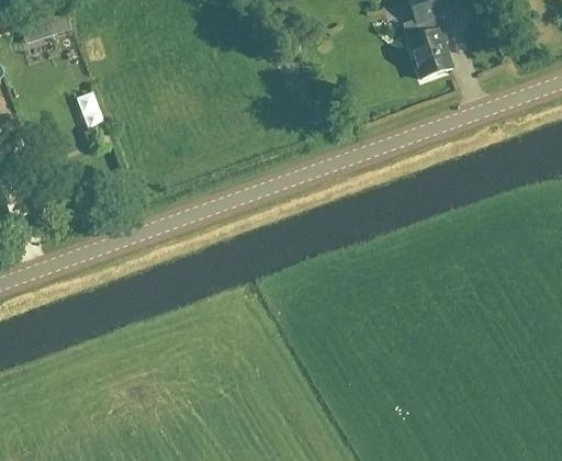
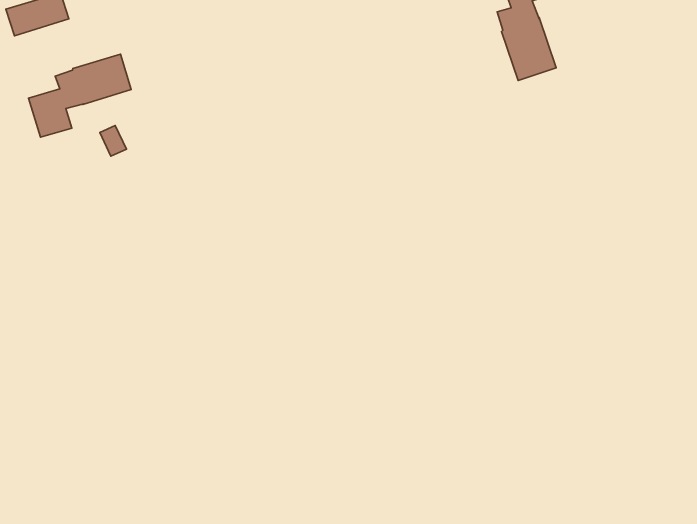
building: none -> [28,54,131,137]

